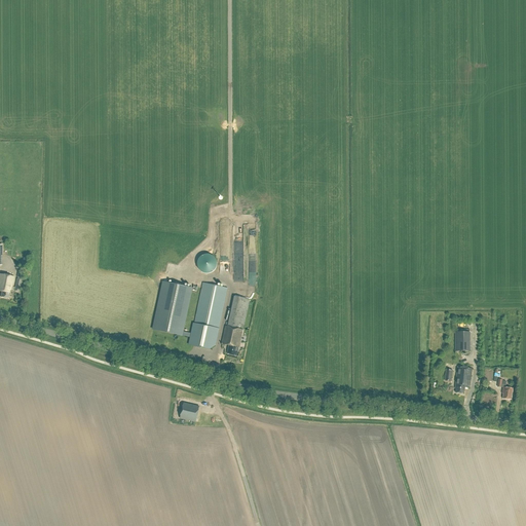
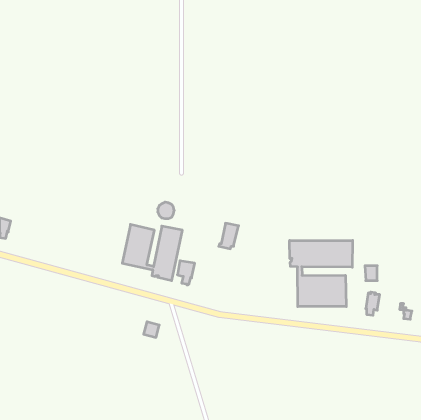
building: [225,295,250,327] -> [219,223,239,249]
building: none -> [290,240,353,307]

